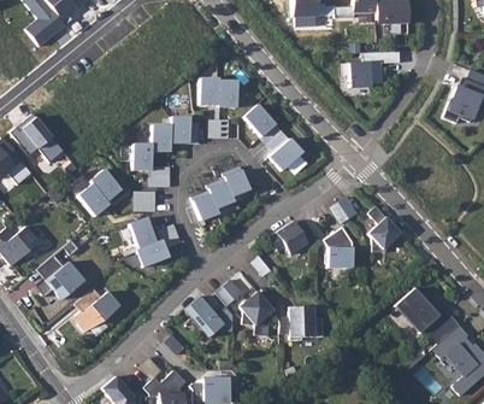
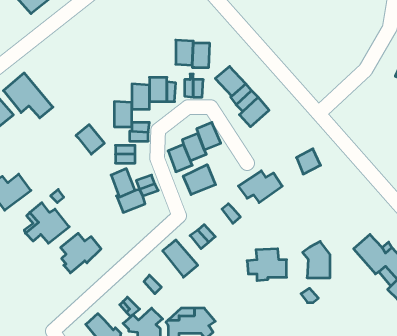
building: [341,52,400,87] -> none
building: [77,183,108,216] -> none
building: [367,205,400,252] -> none
building: none -> [183,165,216,195]
building: [321,228,352,268] -> [303,241,330,278]
building: [238,291,272,336] -> none

